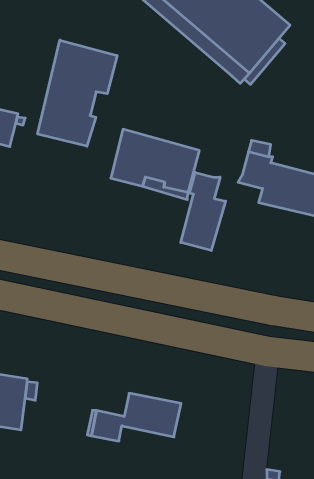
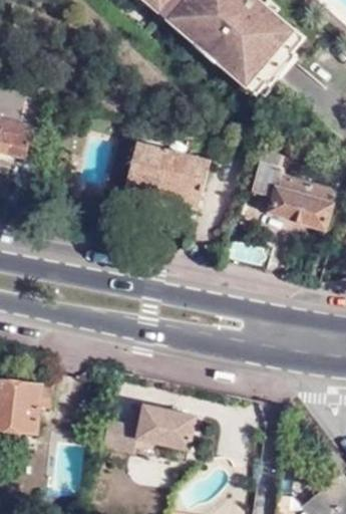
building: [38,40,117,146] -> none
building: [181,172,226,251] -> none

